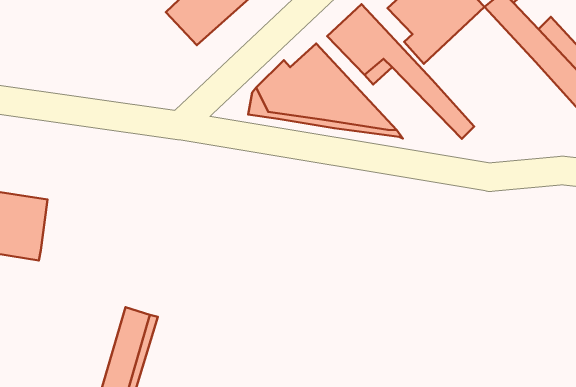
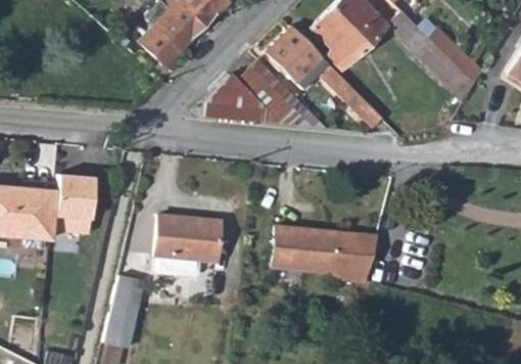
building: none -> [51,174,93,234]
building: none -> [155,216,221,263]
building: none -> [274,226,378,282]

